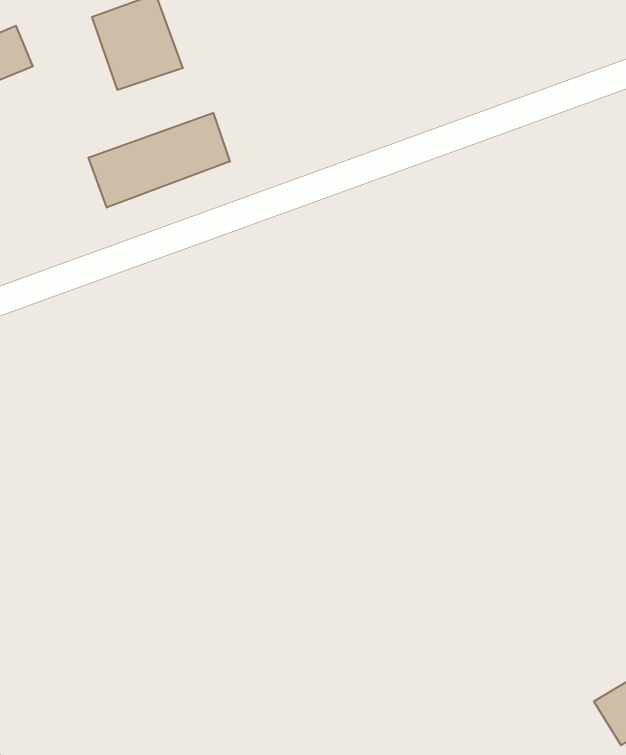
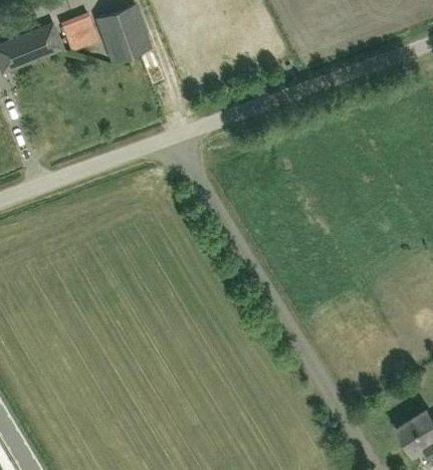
building: none -> [60,15,94,44]
building: [89,113,230,208] -> none

